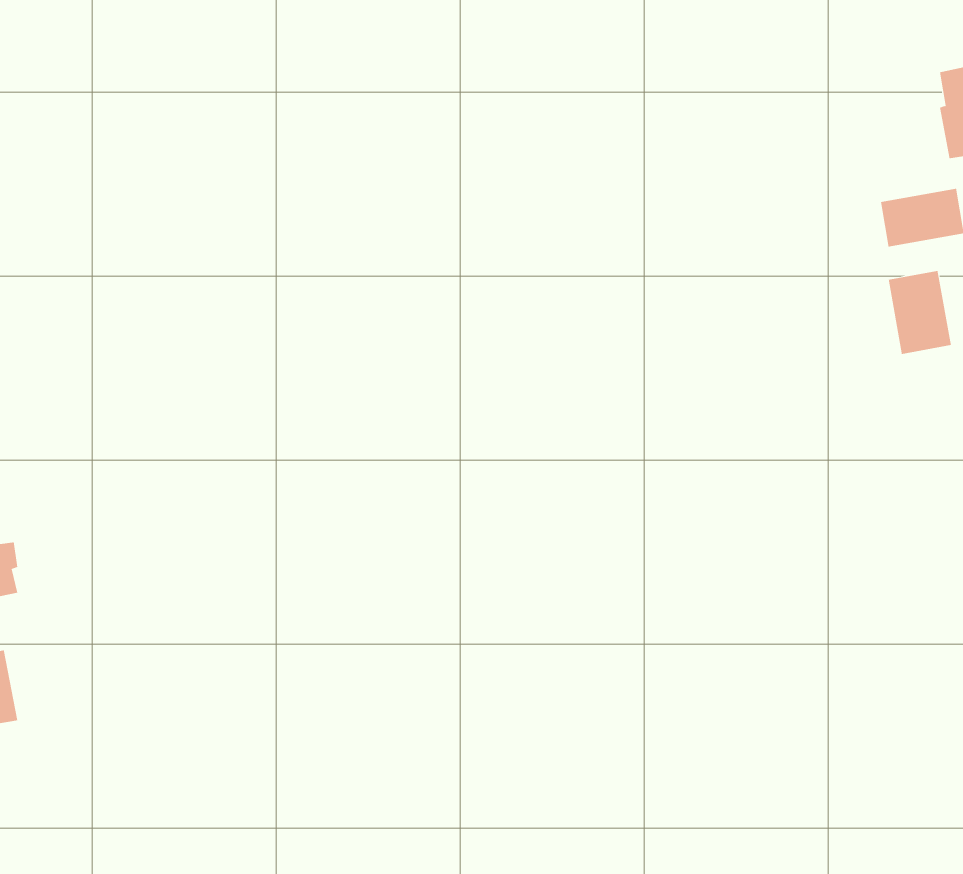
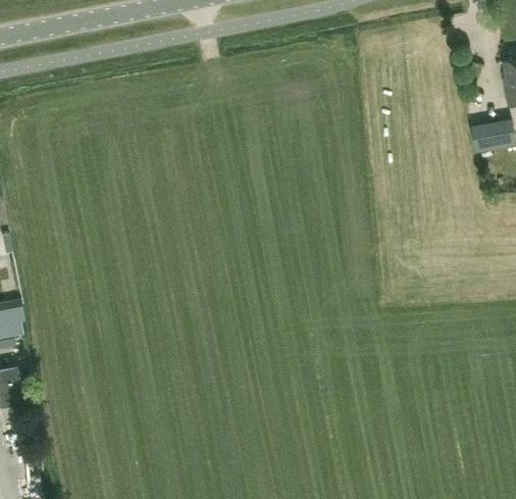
building: [888,270,951,355] -> none

